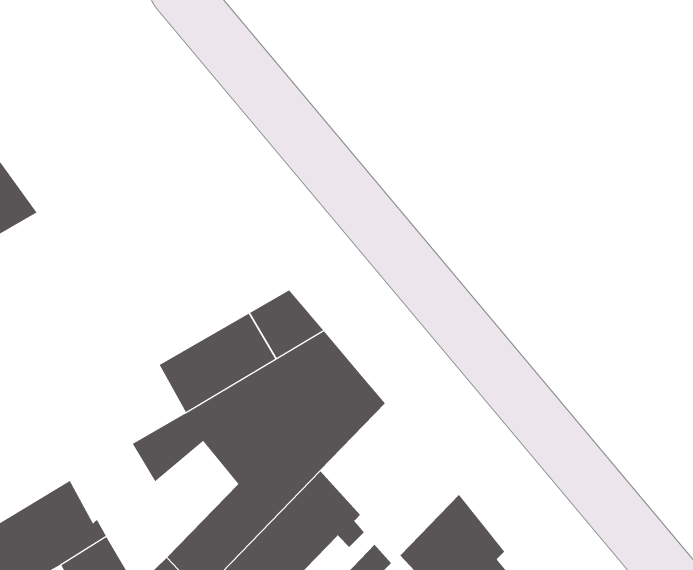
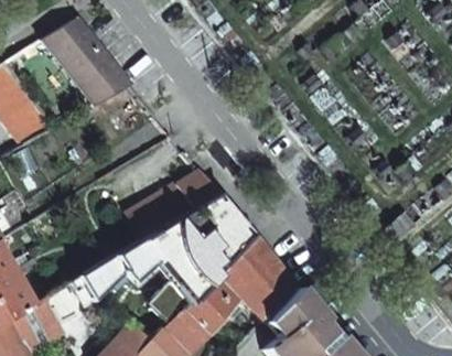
building: none -> [46,19,132,105]
building: none -> [220,236,300,323]
building: none -> [77,259,126,304]

